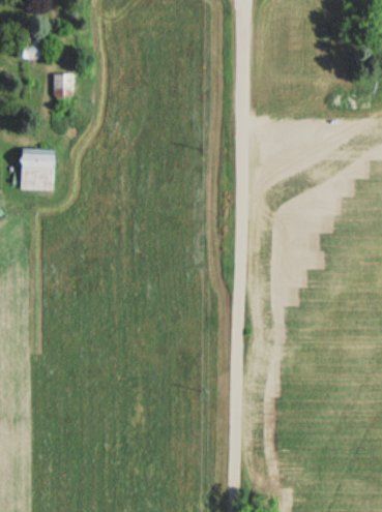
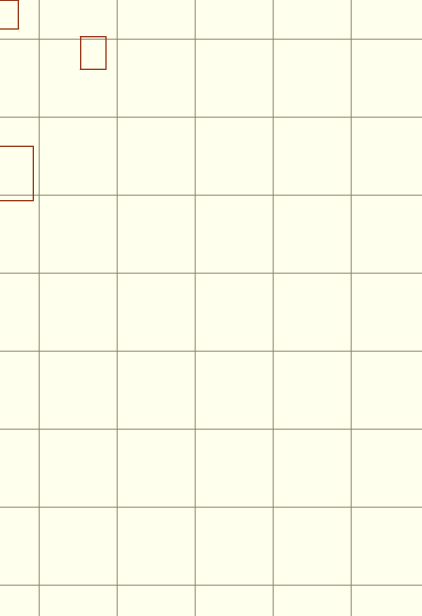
building: [54,73,74,98] -> [80,37,106,69]

